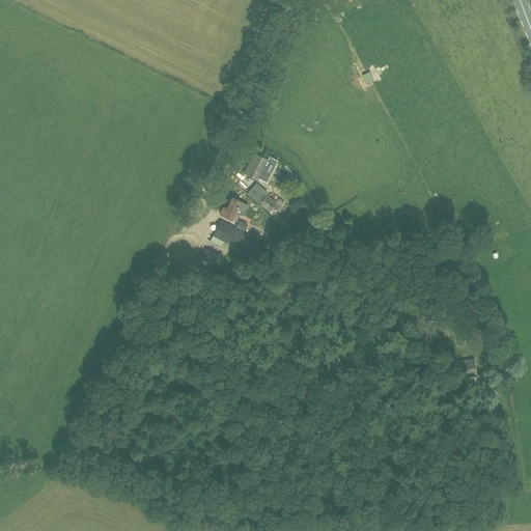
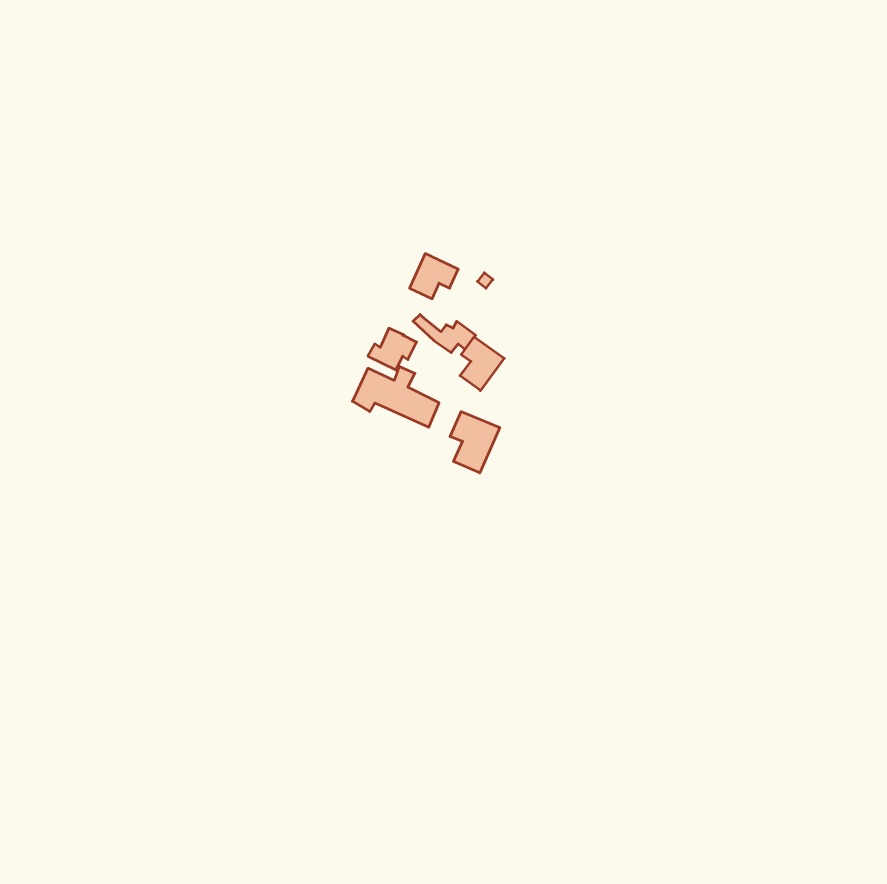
building: none -> [460,337,504,391]
building: none -> [450,412,500,473]

